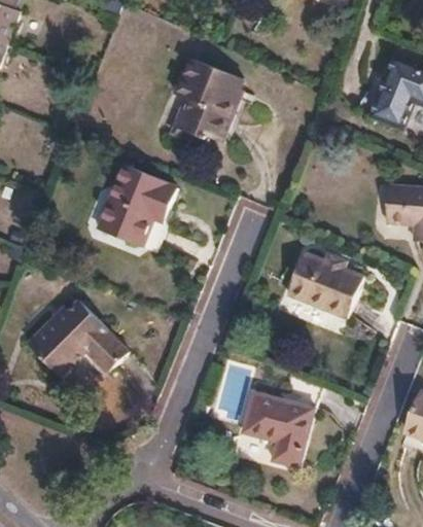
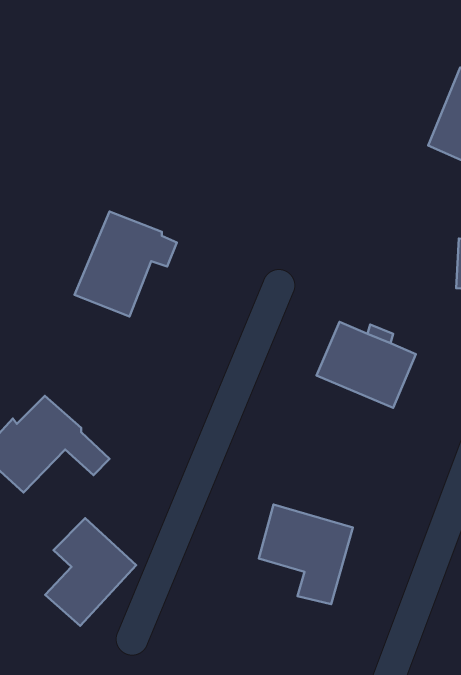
building: [172,57,245,138] -> none
building: none -> [45,518,136,626]

